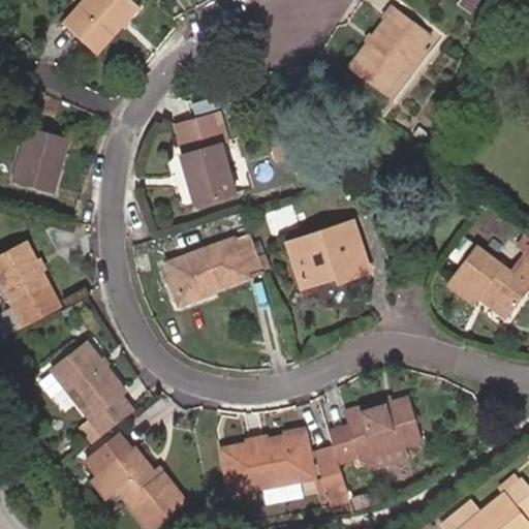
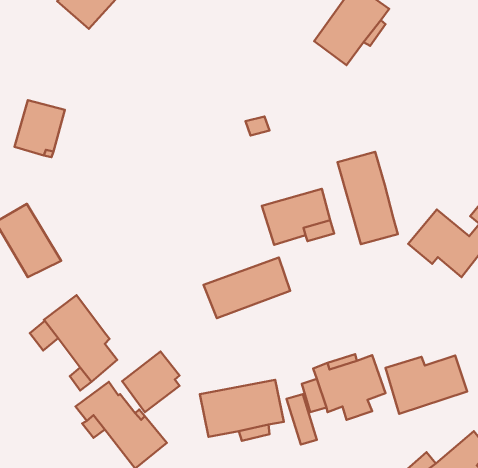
building: [174,114,232,203] -> none
building: none -> [338,152,398,244]
building: [166,231,260,298] -> [204,257,290,318]
building: none -> [122,351,179,412]
building: none -> [386,355,467,414]

